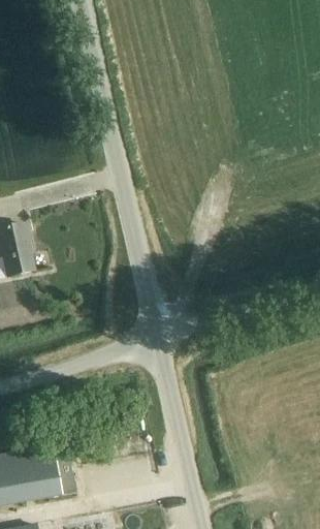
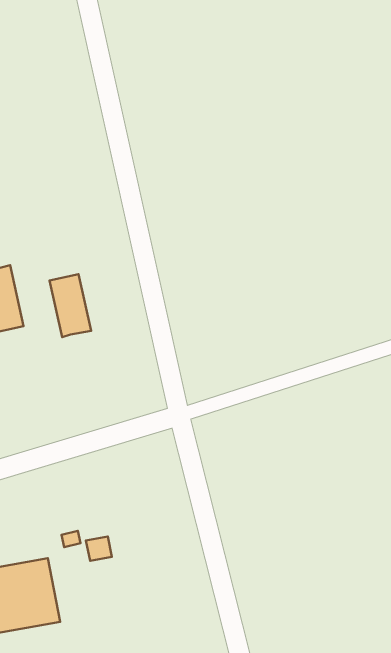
building: none -> [50,274,91,337]

